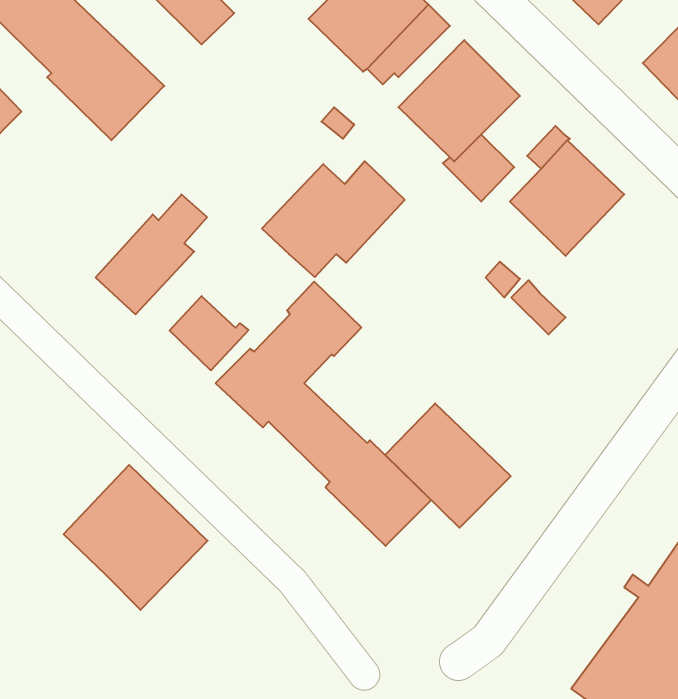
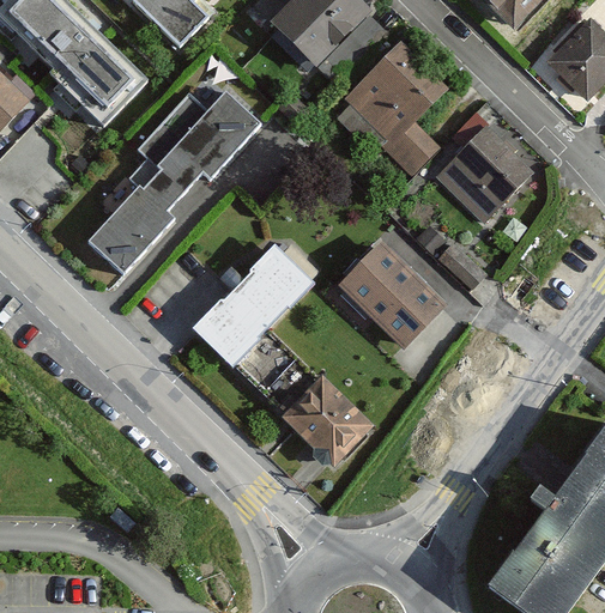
building: [262,161,405,277] -> [139,93,259,190]
building: [170,296,248,370] -> none
building: [385,403,511,528] -> [339,243,444,347]
building: [64,465,208,610] -> none

